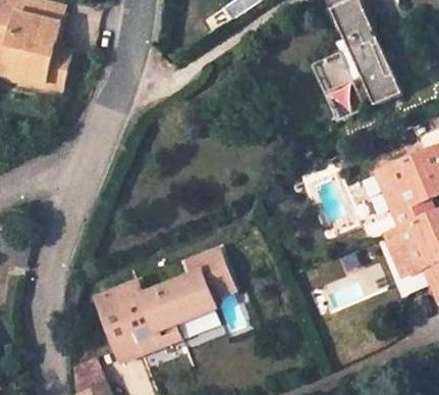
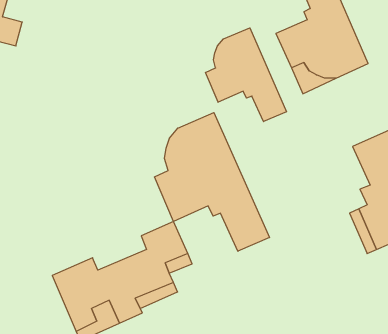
building: none -> [206,28,286,122]
building: none -> [154,113,269,251]

